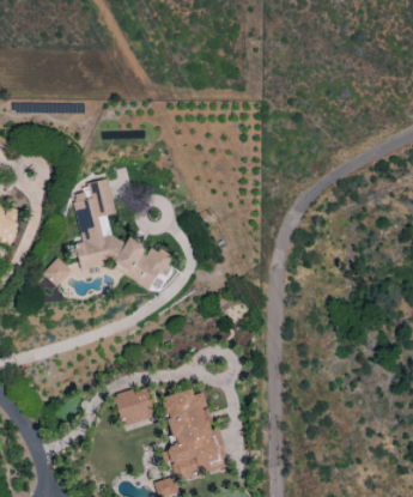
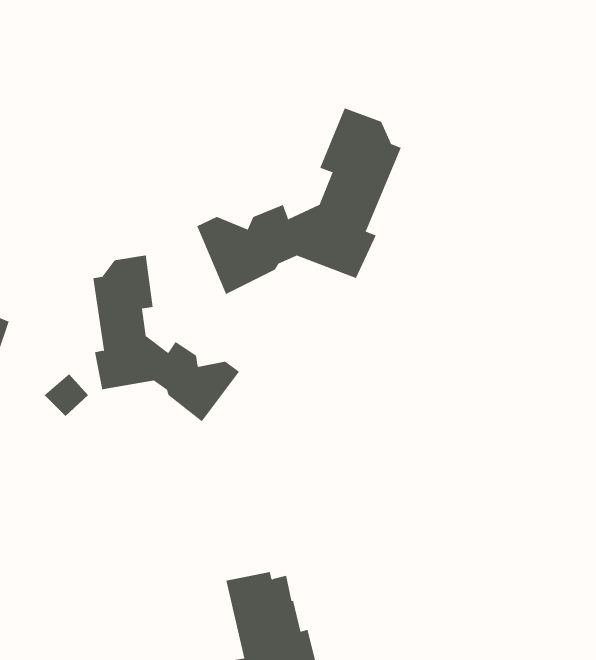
building: none -> [196,107,402,295]
building: [115,386,154,425] -> none

